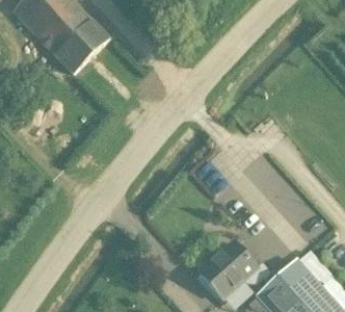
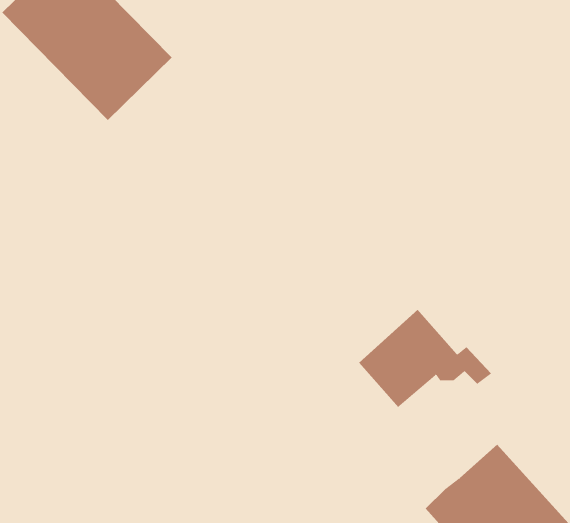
building: [198,242,275,300] -> [358,309,492,408]

